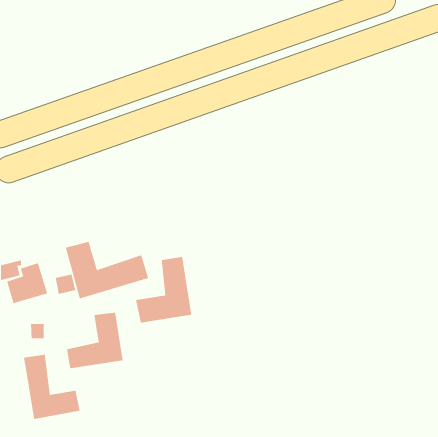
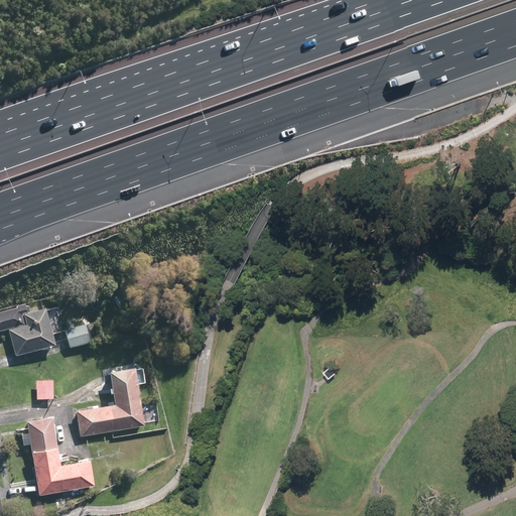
building: [65,241,149,299] -> none
building: [135,256,192,324] -> none

